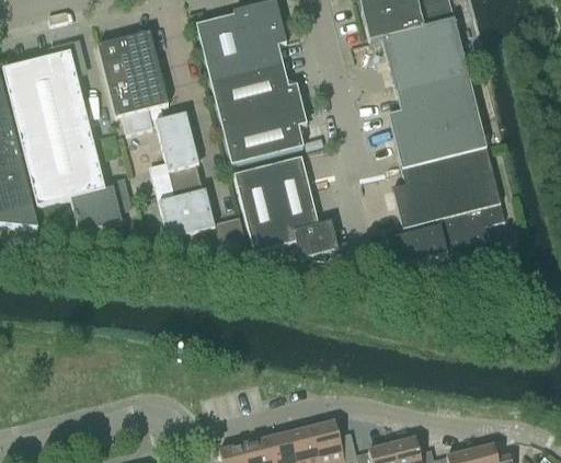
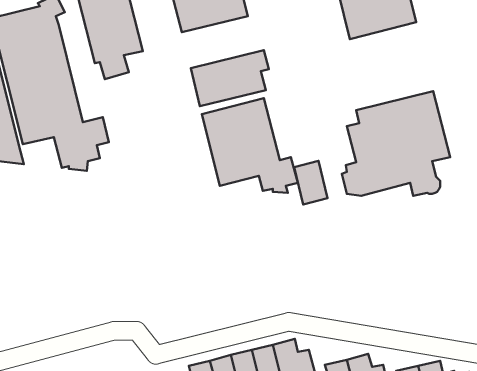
building: [211,66,301,123] -> none
building: [388,72,486,169] -> none
building: [152,113,247,247] -> none
building: none -> [294,161,328,204]

